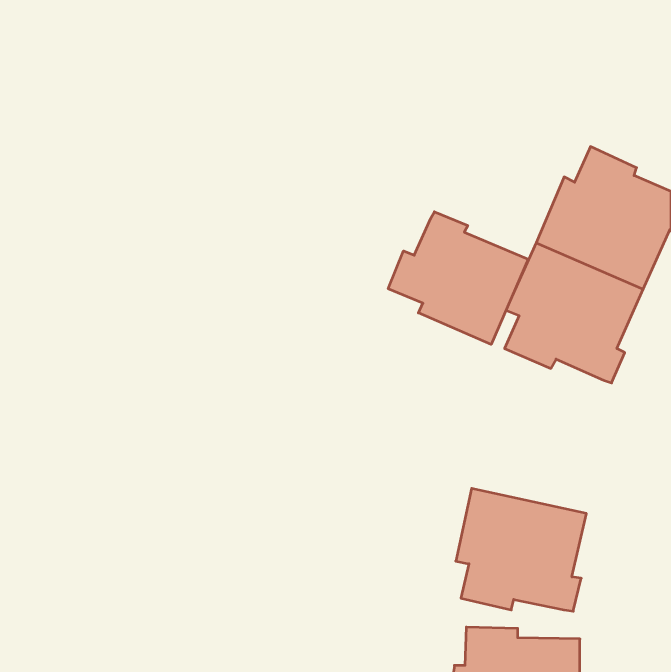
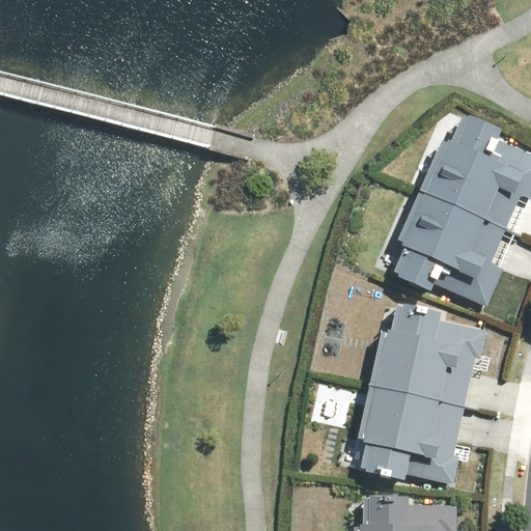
building: [388,212,528,344] -> none
building: none -> [370,304,483,406]

